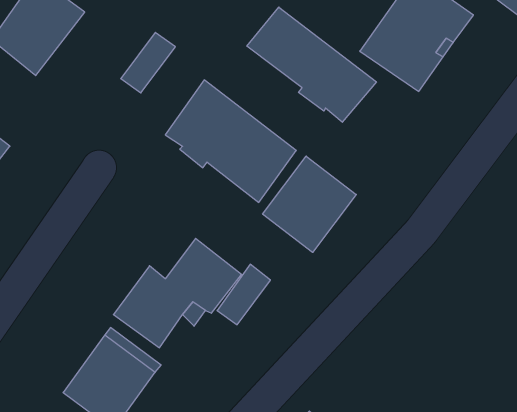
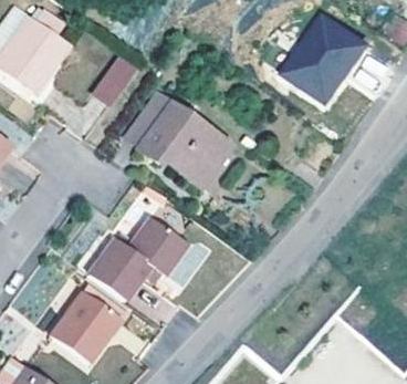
building: [247,7,376,122] -> none
building: [263,156,356,252] -> none

